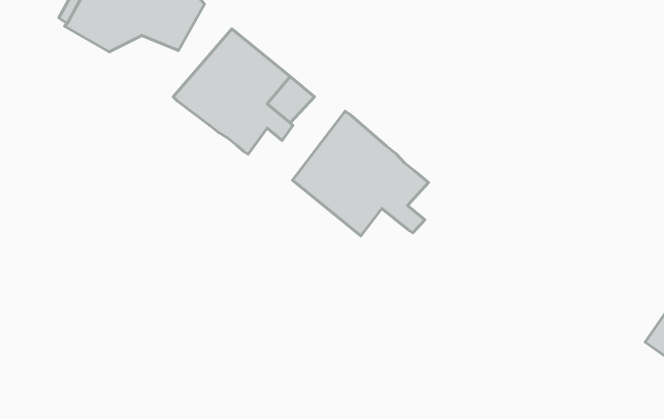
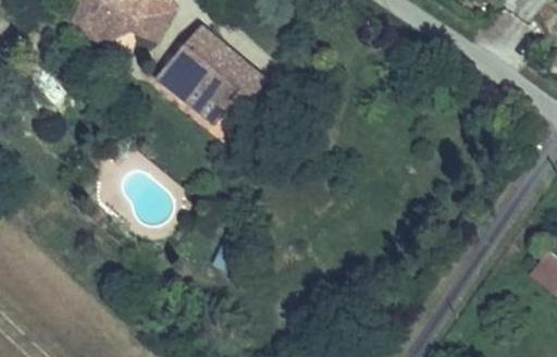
building: [293,111,428,236] -> none

